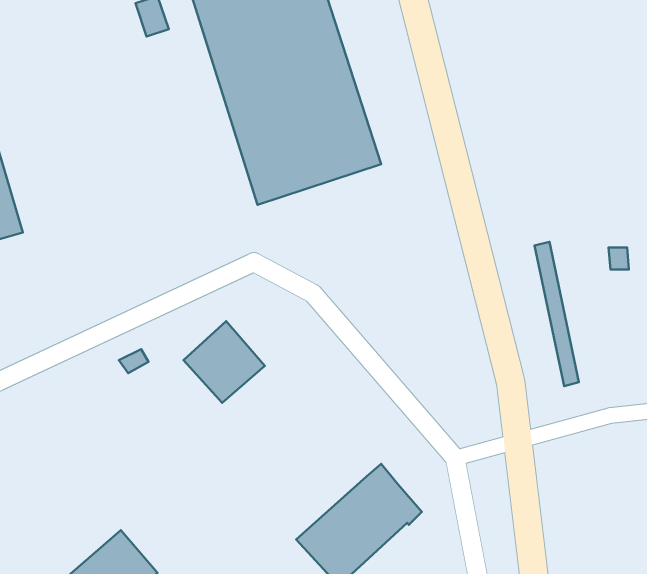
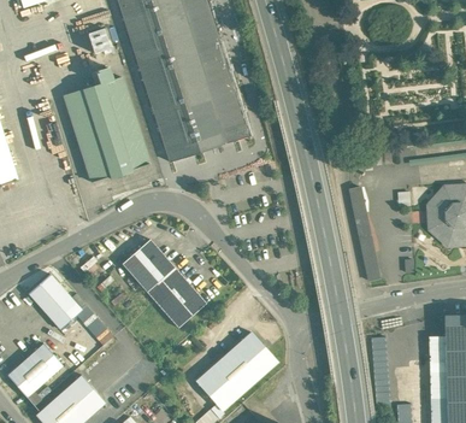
building: none -> [64,67,149,182]
building: none -> [147,268,206,328]
building: none -> [28,274,82,329]
building: none -> [7,343,63,398]

